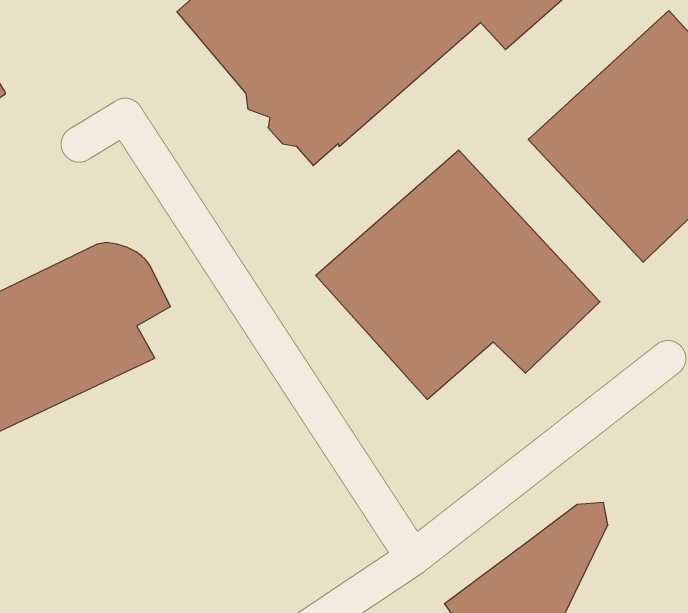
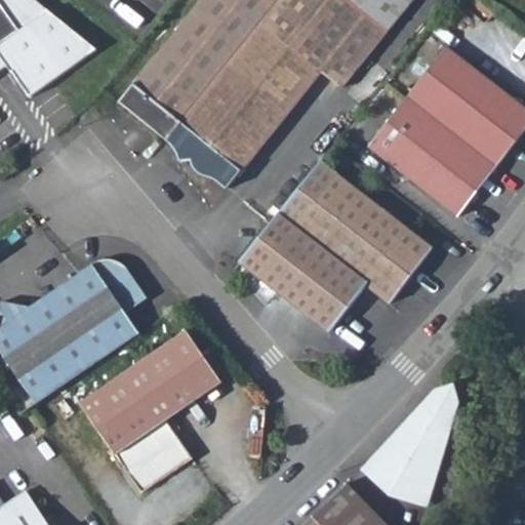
building: none -> [80,328,221,490]

